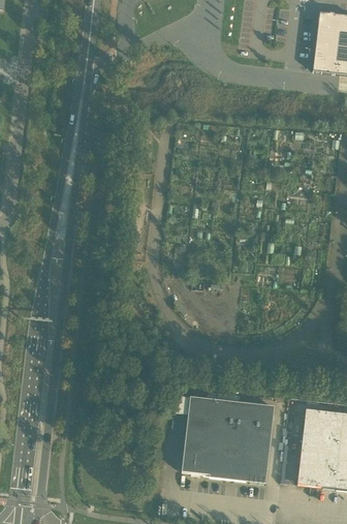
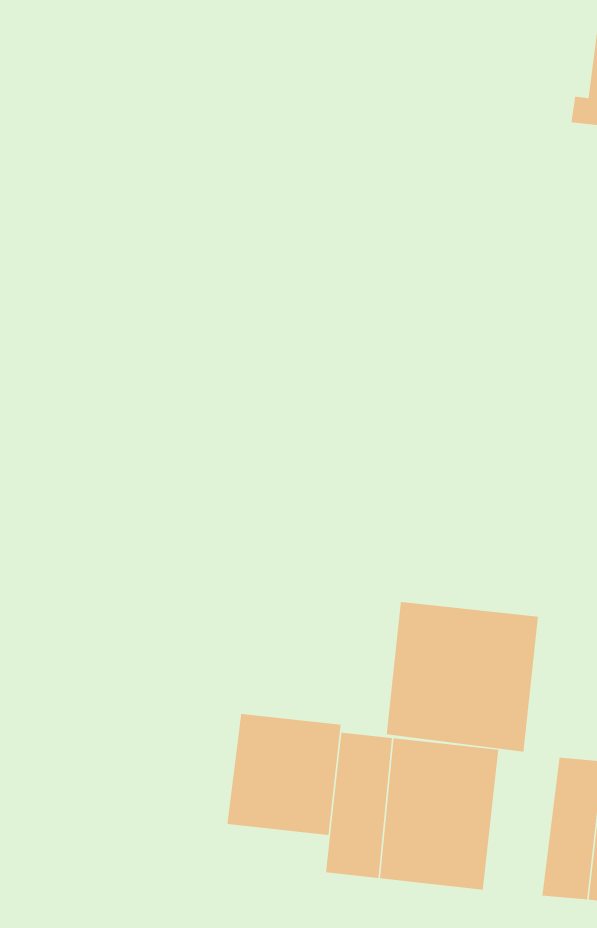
building: none -> [386,601,539,752]
building: none -> [226,713,341,836]

